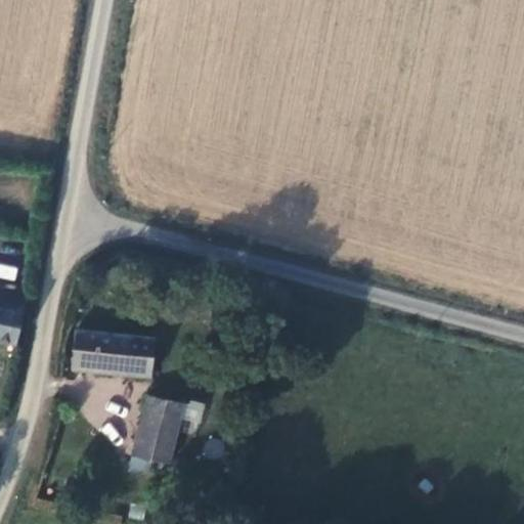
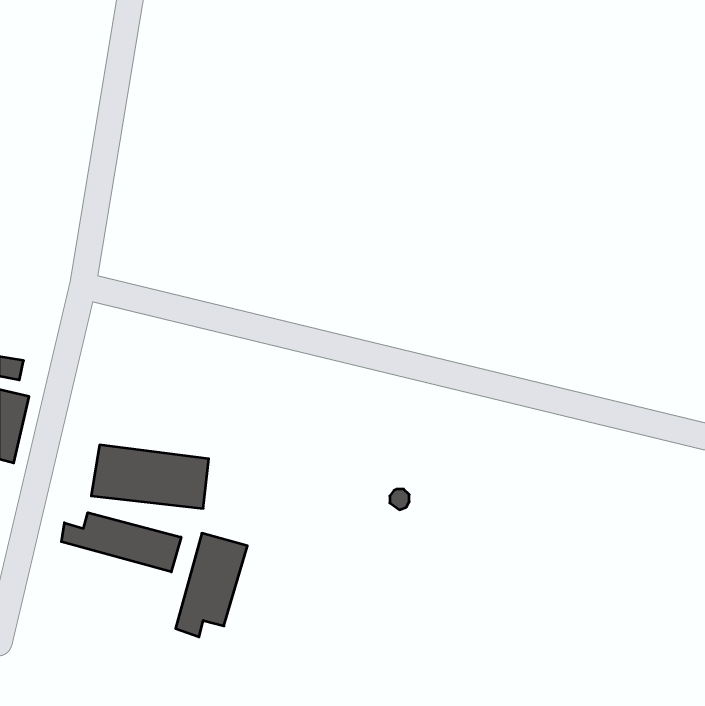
building: none -> [61,513,181,572]

